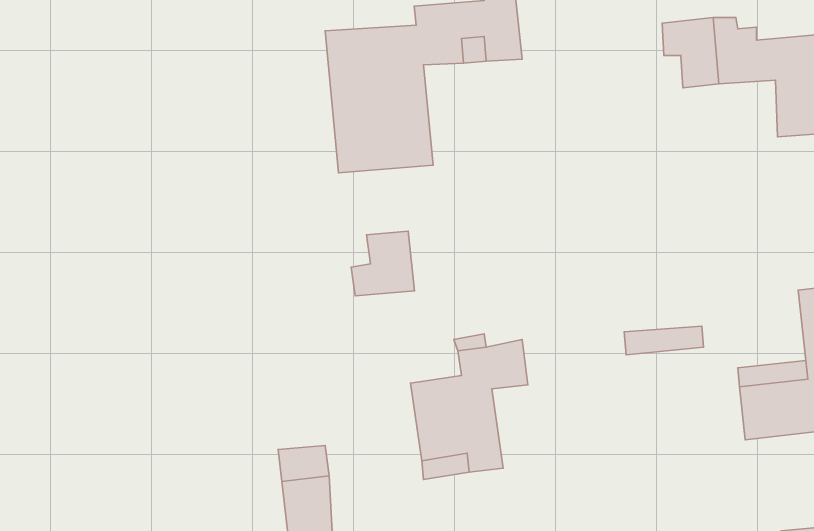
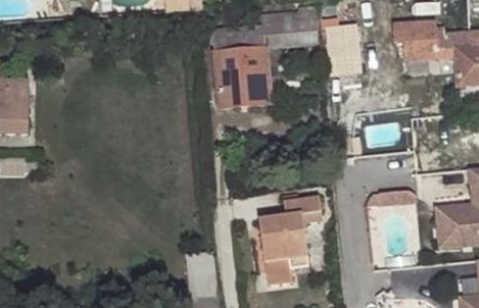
building: none -> [329,39,361,73]
building: [351,231,415,296] -> none

